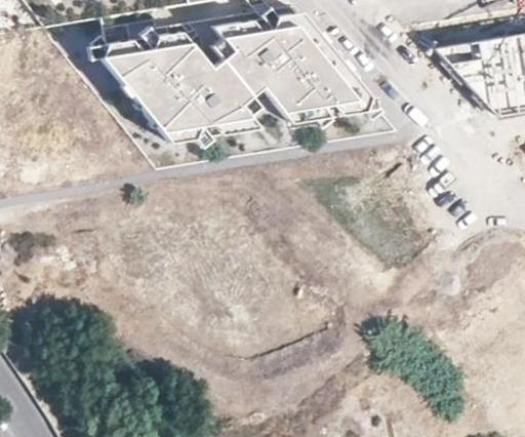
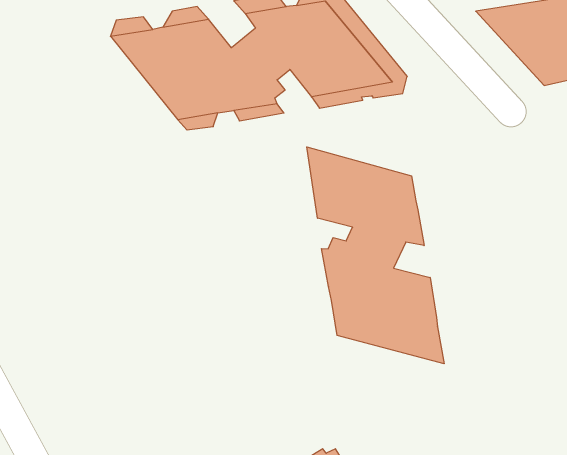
building: none -> [307,147,444,364]

